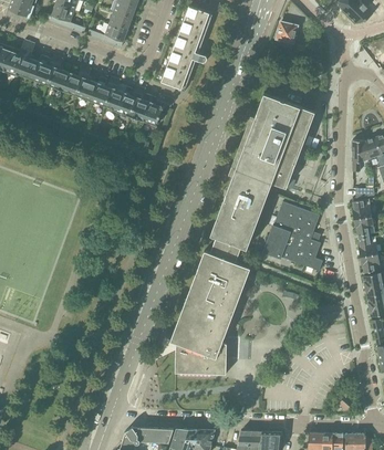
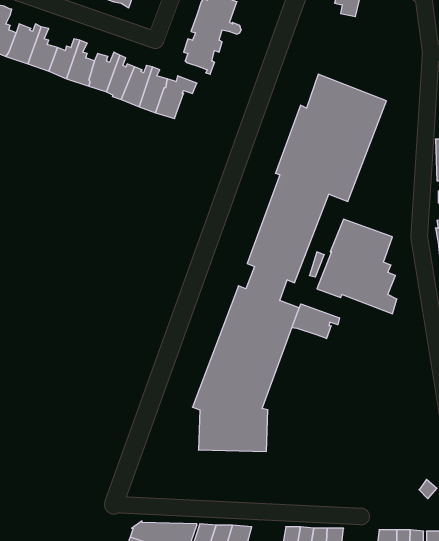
building: none -> [292,304,339,339]

